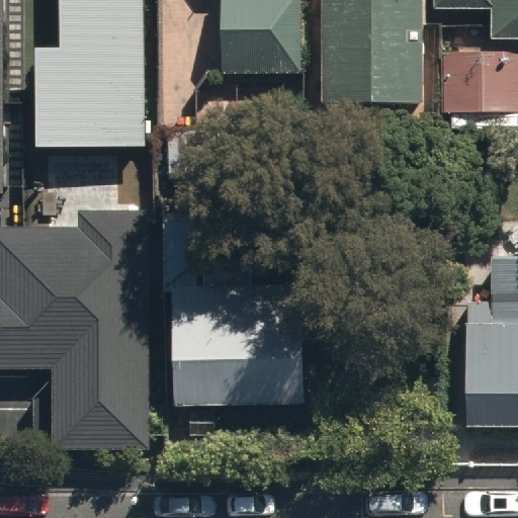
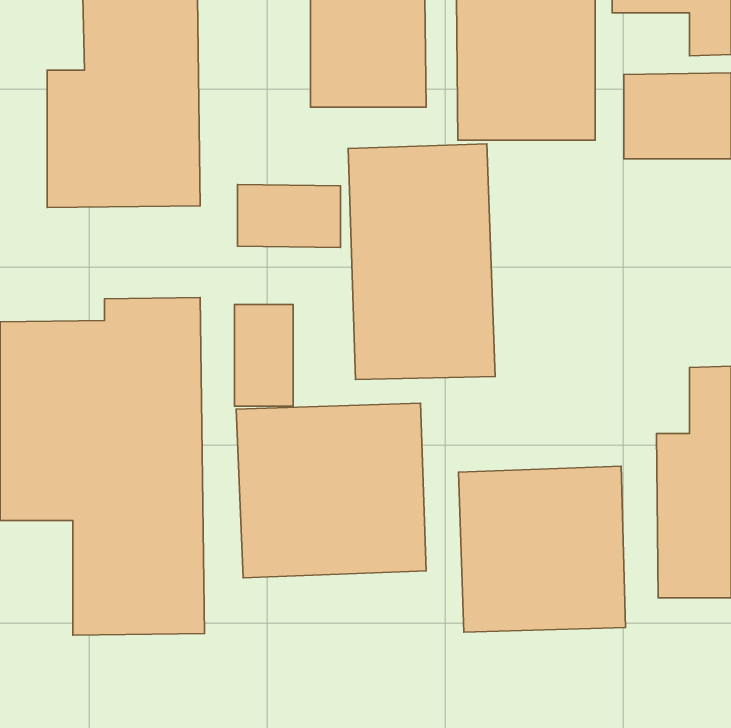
building: none -> [348,144,495,380]
building: none -> [458,466,626,632]

